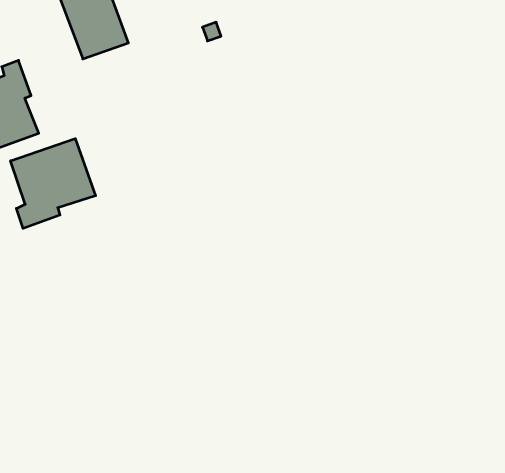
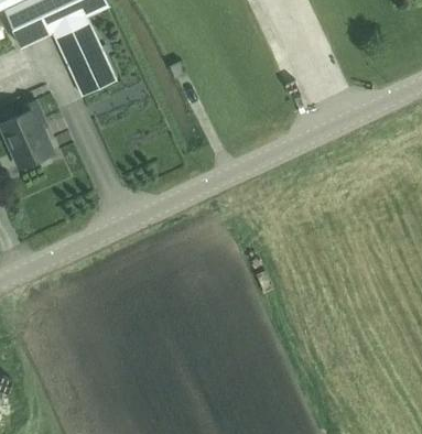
building: [11,139,96,228] -> none

